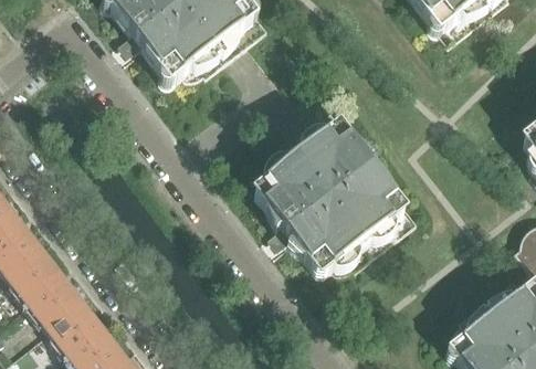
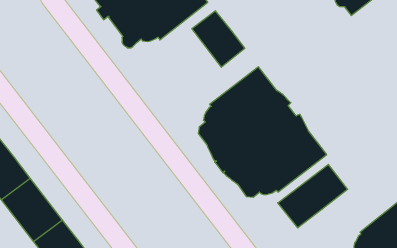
building: none -> [192,11,245,67]
building: none -> [278,164,348,228]

